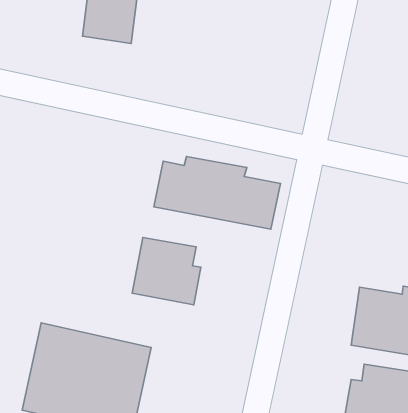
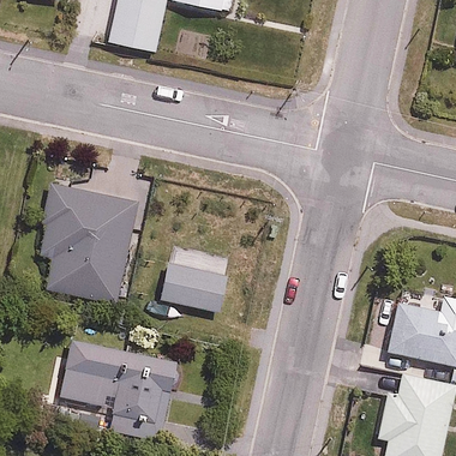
building: [154,156,280,229] -> none
building: none -> [41,186,139,302]

